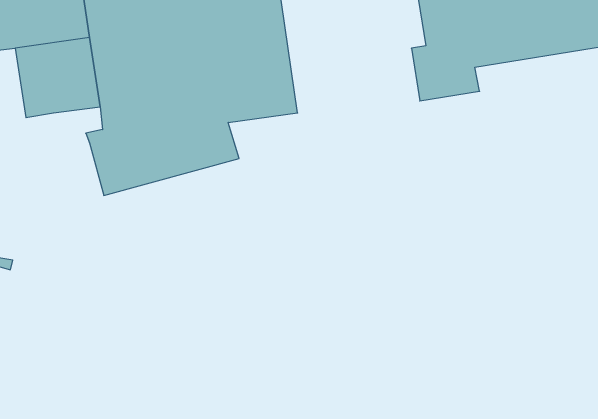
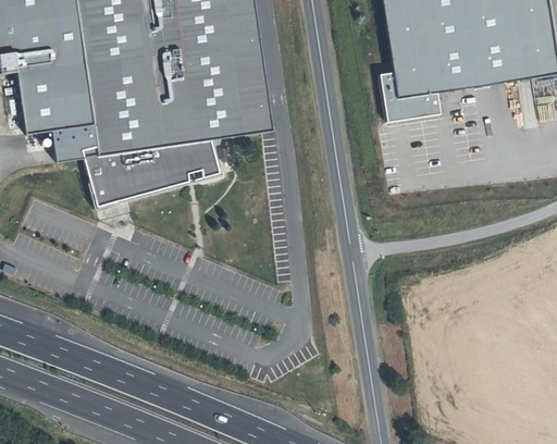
building: none -> [53,126,98,163]

